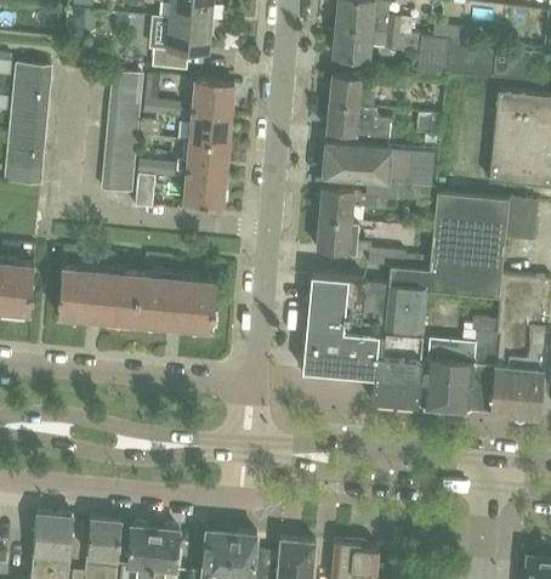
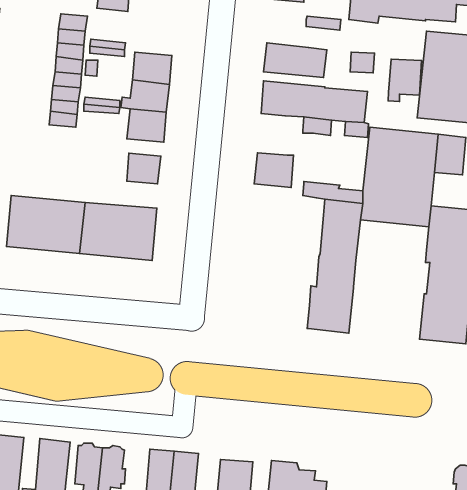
building: [330,76,376,109] -> none
building: [192,81,233,118] -> none
building: none -> [388,59,421,102]
building: [320,191,362,222] -> none
building: none -> [127,153,161,184]
building: [301,277,390,380] -> none
building: [421,319,501,415] -> none

